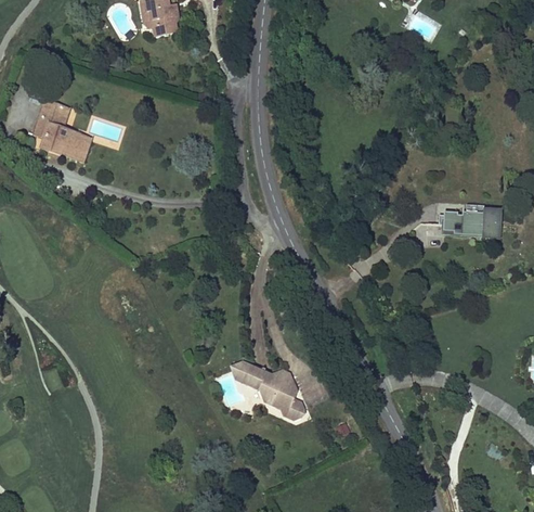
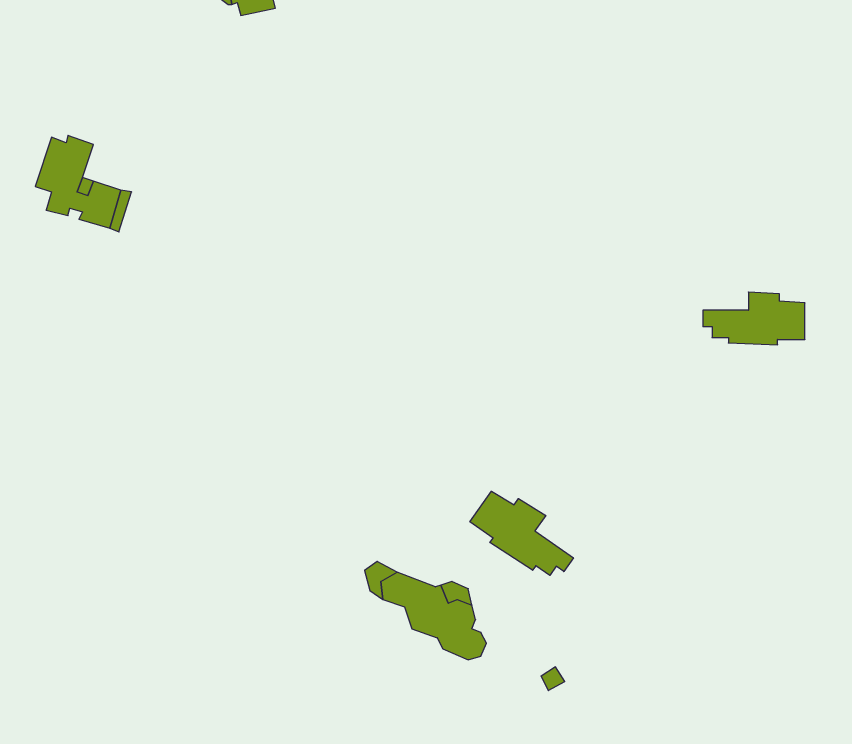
building: none -> [470,491,573,575]

